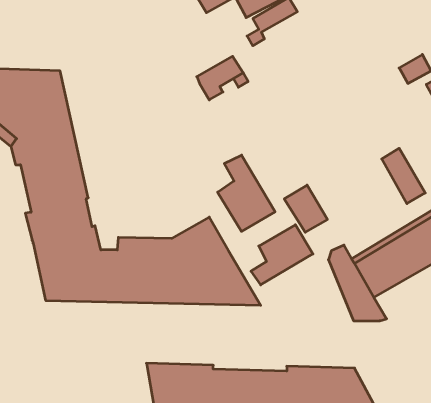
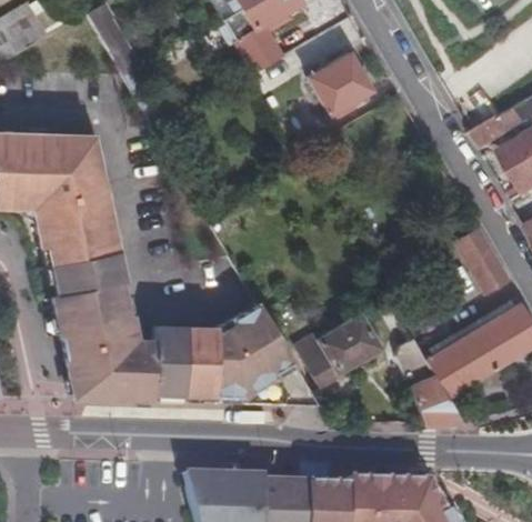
building: [197,56,243,100] -> [321,68,374,118]
building: [218,155,275,231] -> none
building: [284,185,327,232] -> none

